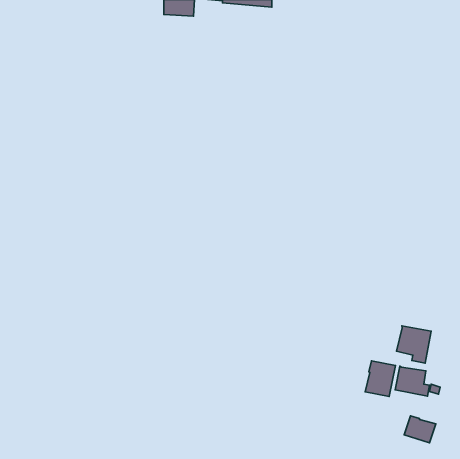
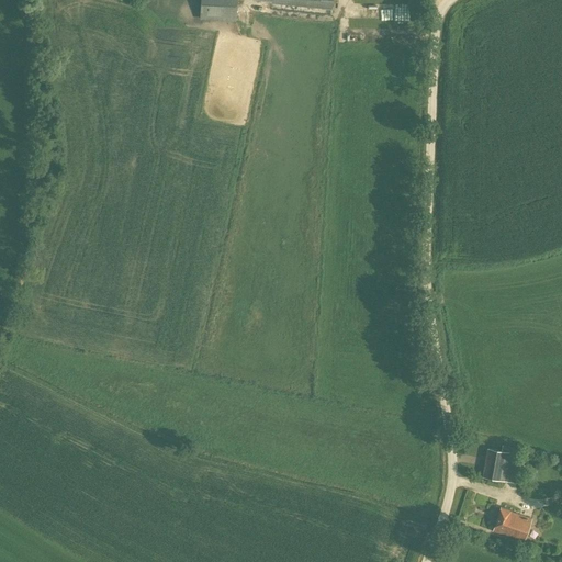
building: [396,326,431,363] -> none
building: [365,361,395,397] -> none

